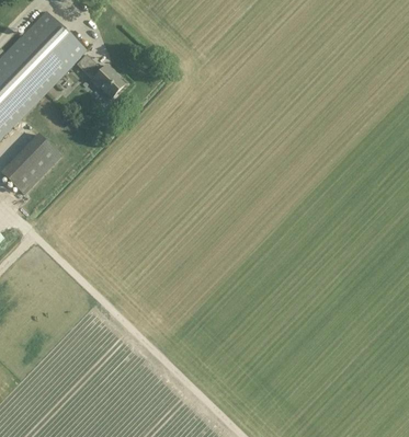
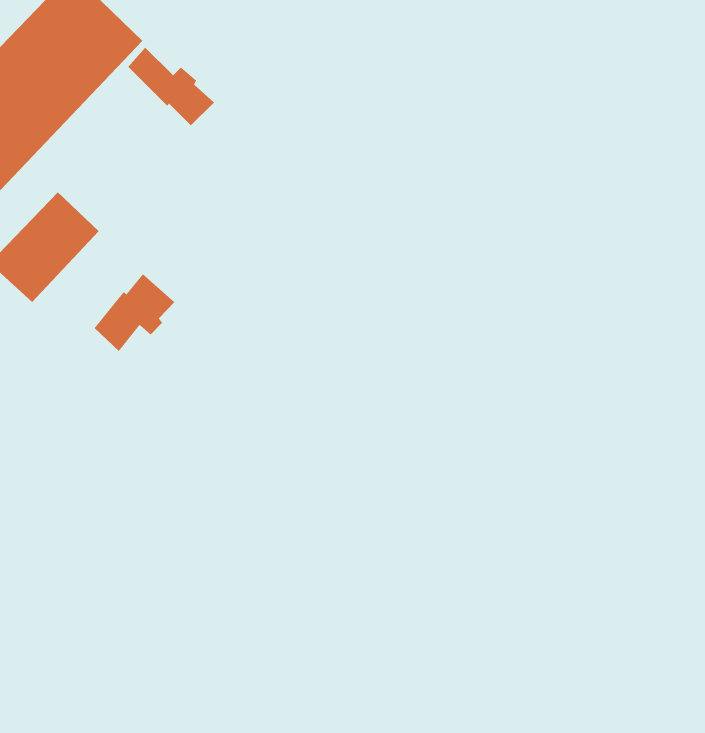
building: none -> [94,273,175,352]

